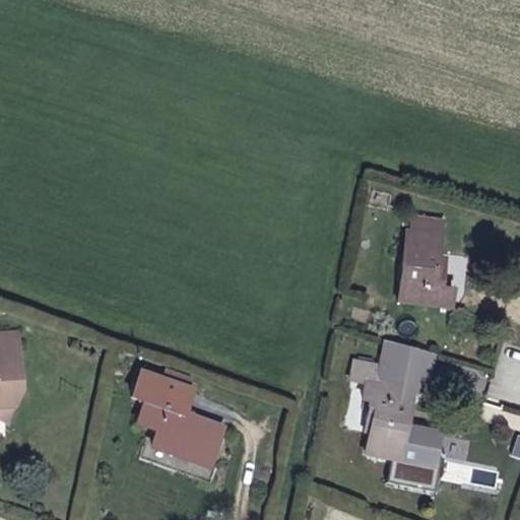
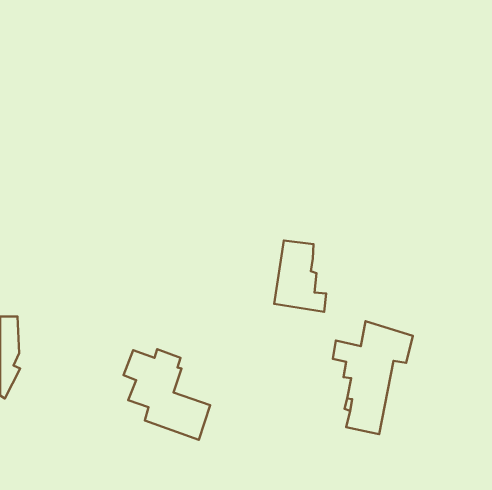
building: [398,230,453,305] -> [274,240,326,312]
building: [388,427,445,493] -> none

